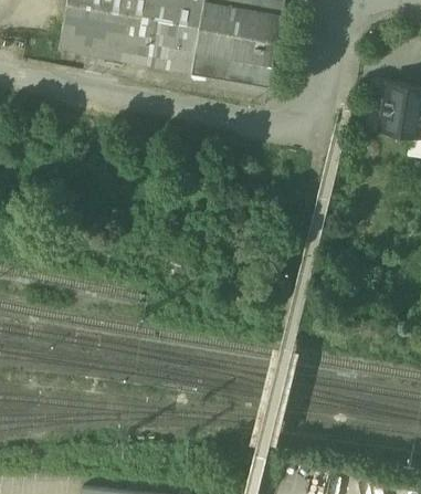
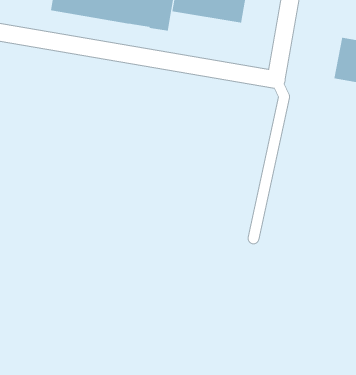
building: [192,52,274,88] -> none

